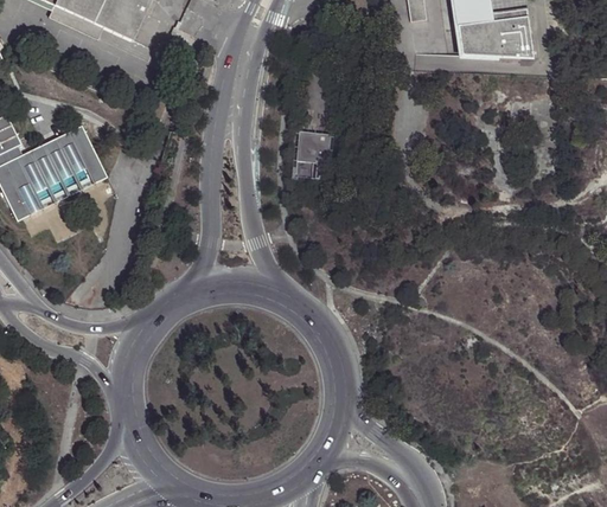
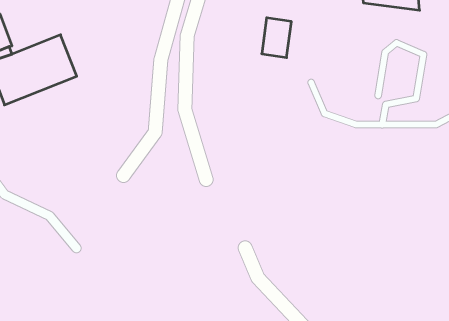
building: [298,131,332,180] -> [262,18,291,58]

